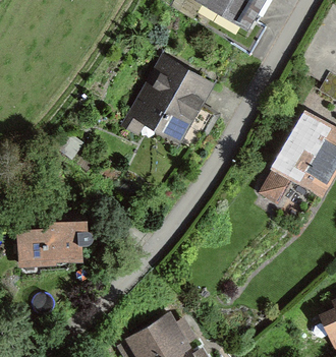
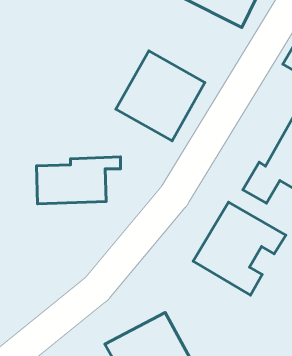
building: none -> [193,202,286,295]
building: [17,220,101,266] -> [37,157,121,204]

